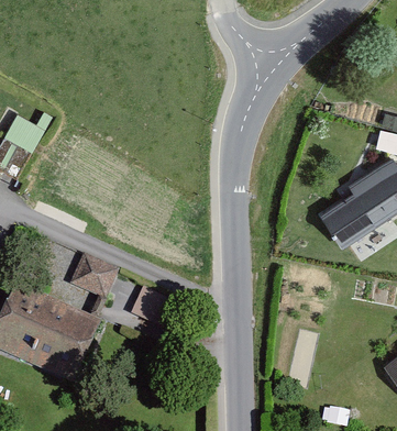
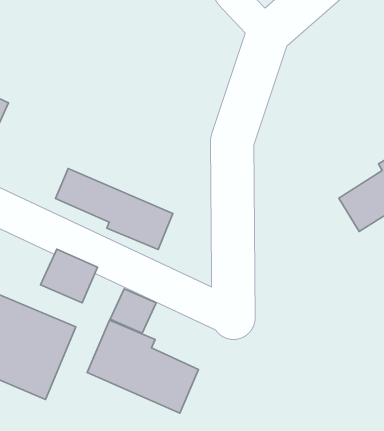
building: none -> [56,169,173,249]
building: none -> [87,320,199,413]

